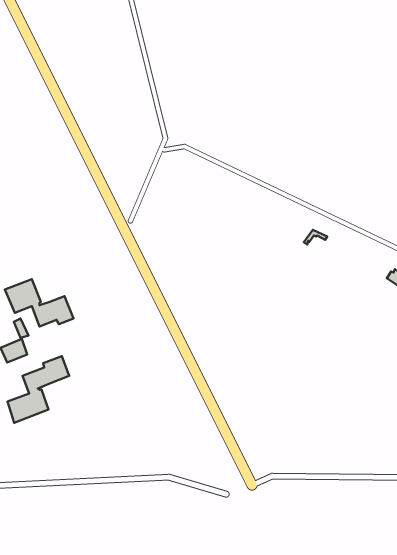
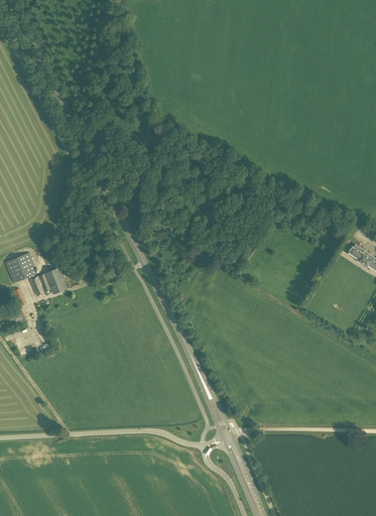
building: [7,356,69,423] -> none

